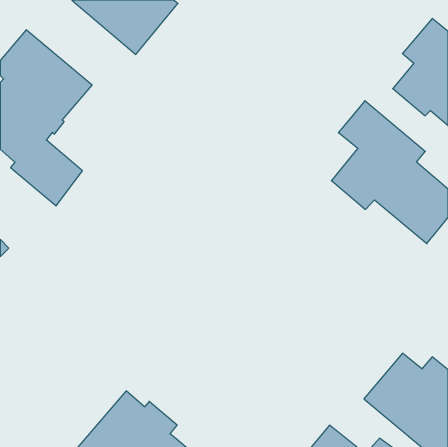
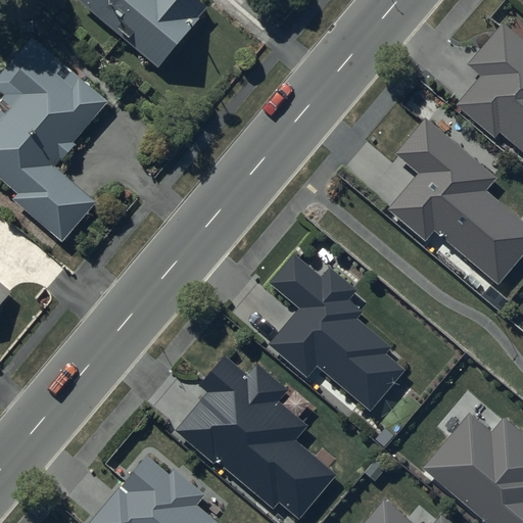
building: none -> [270,256,405,412]
building: none -> [177,354,335,516]

